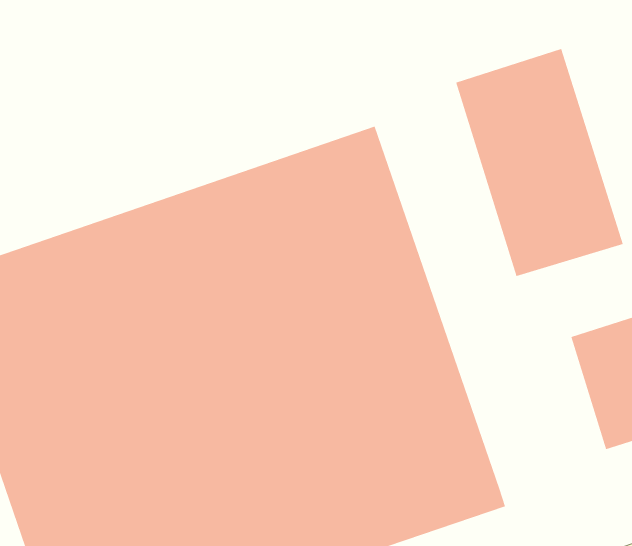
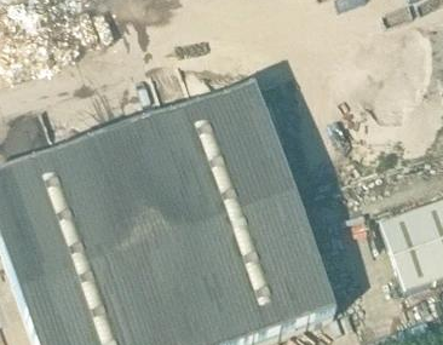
building: [456,48,623,277] -> none

